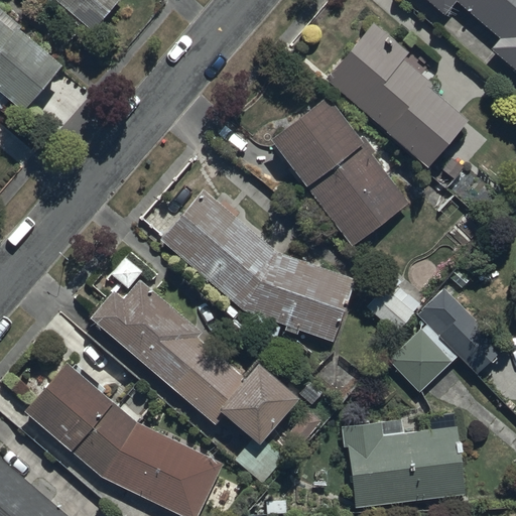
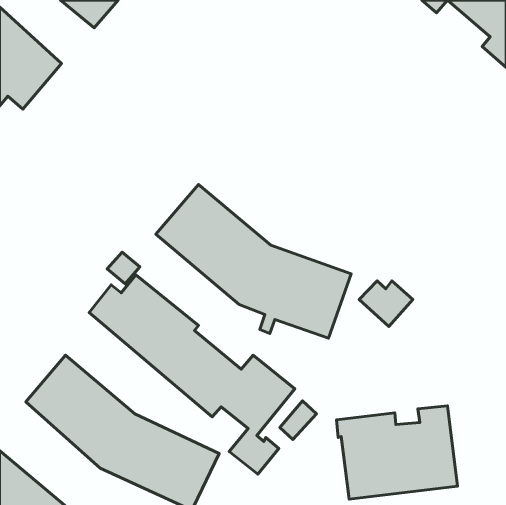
building: [325,21,469,167] -> none
building: [273,97,410,247] -> none
building: [390,287,503,390] -> none

